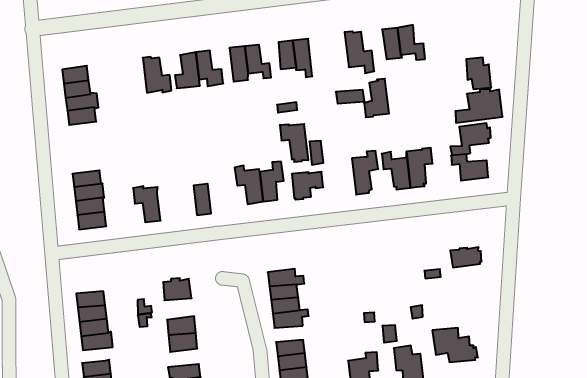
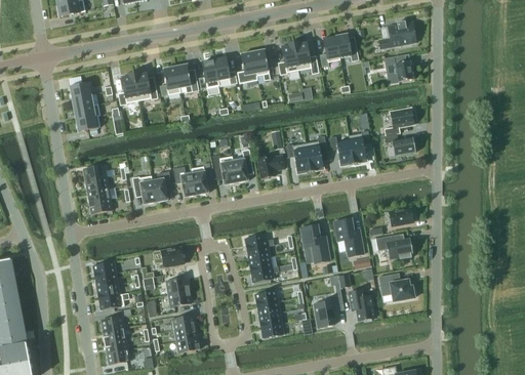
building: none -> [118,73,138,105]
building: [364,79,389,117] -> [278,42,298,74]
building: [455,89,503,123] -> [378,20,416,49]
building: [280,124,308,162] -> [286,142,311,173]
building: none -> [192,162,211,194]
building: none -> [152,171,171,202]
building: none -> [334,218,364,256]
building: none -> [300,224,330,262]
building: none -> [375,233,412,258]

